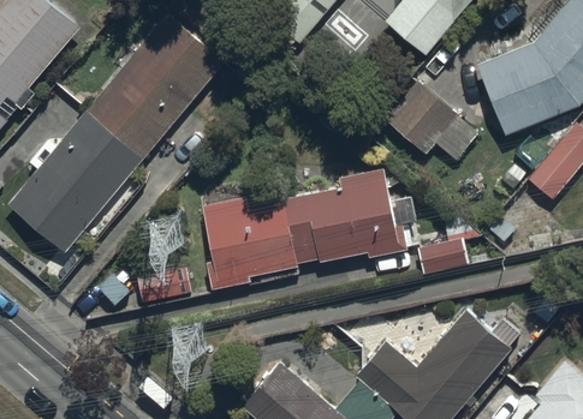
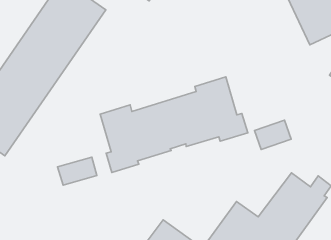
building: [381,79,477,160] -> none

